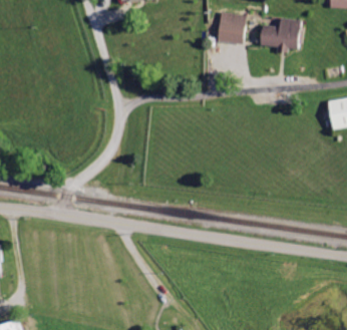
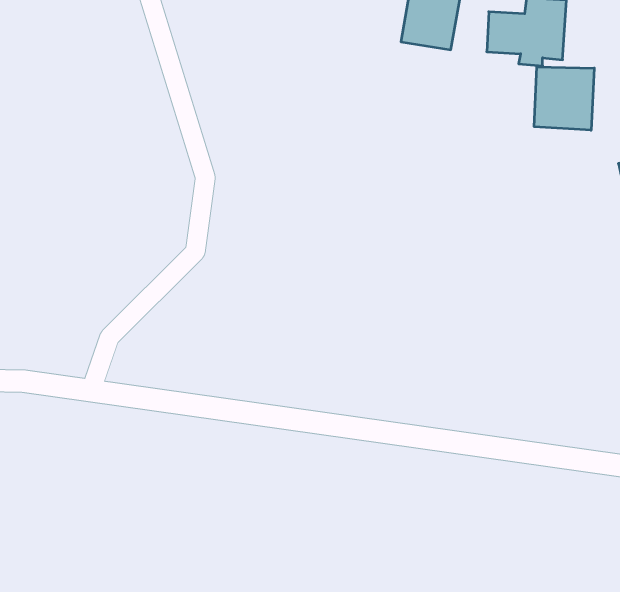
building: none -> [534,67,594,130]

